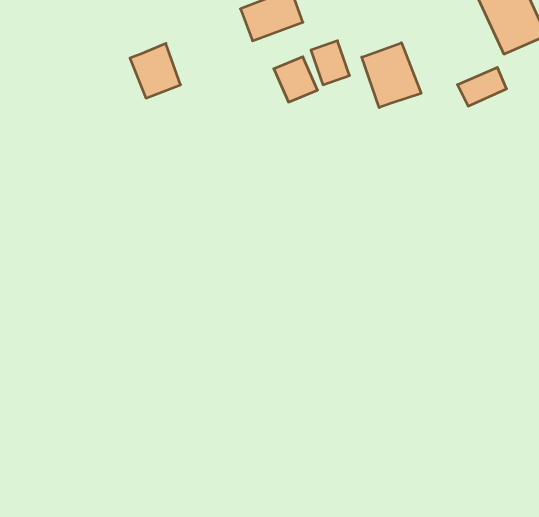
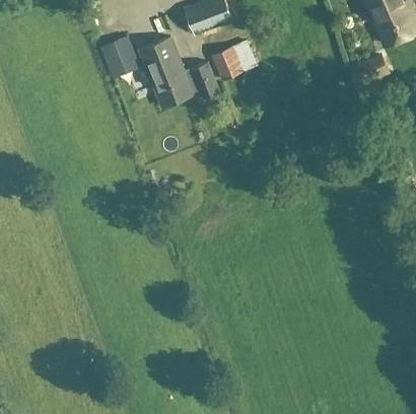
building: [362,43,421,108] -> none
building: none -> [140,37,219,106]

